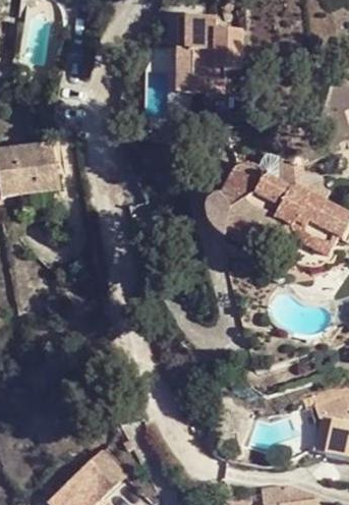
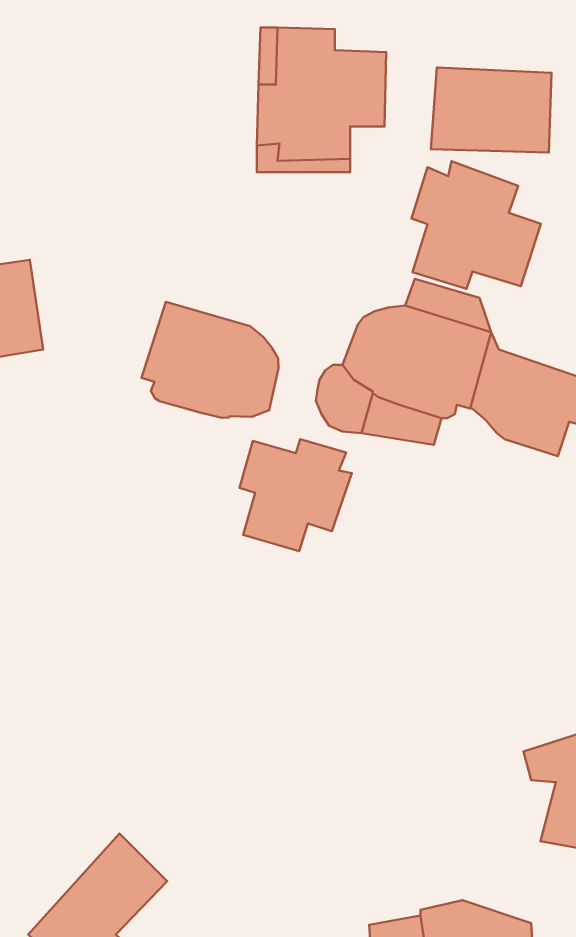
building: none -> [431,68,551,153]
building: none -> [412,161,541,289]
building: none -> [141,302,279,418]
building: none -> [239,439,352,551]

